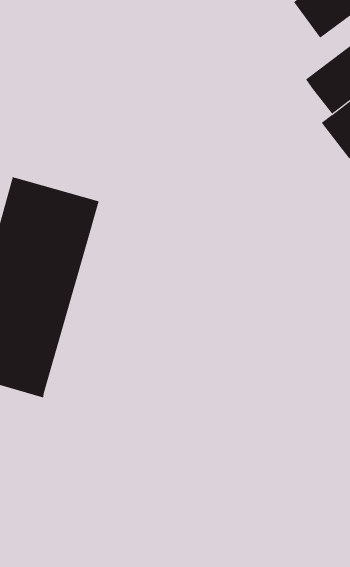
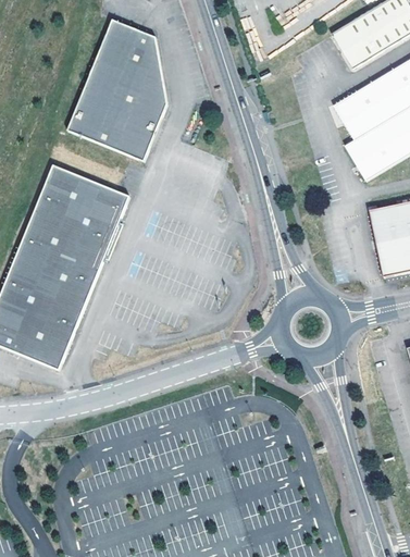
building: none -> [69,16,169,159]

